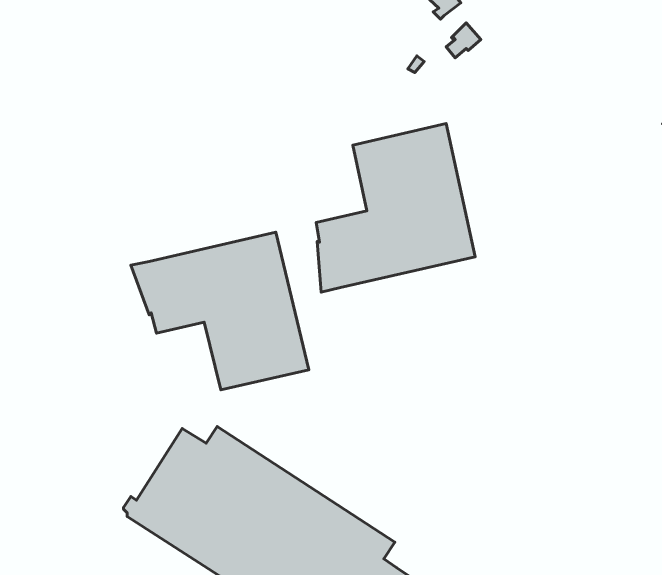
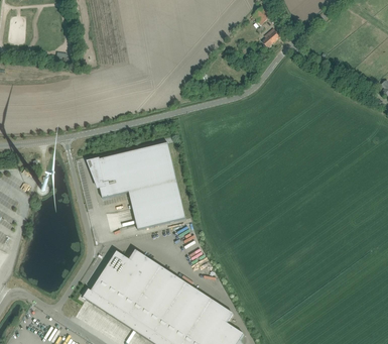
building: [316,124,475,292] -> none

